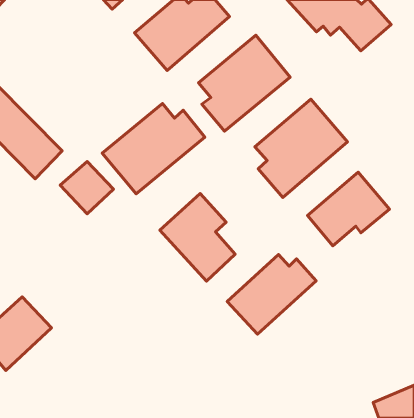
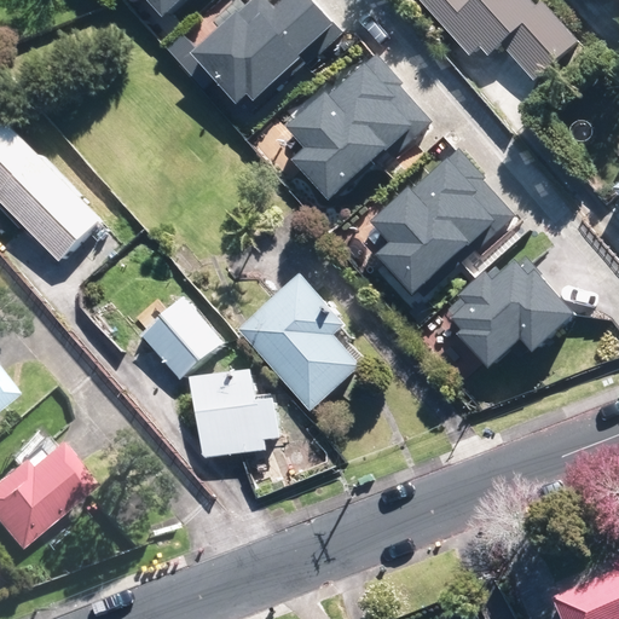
building: [102,103,205,194] -> none
building: [60,161,114,214] -> [134,303,213,381]
building: none -> [191,372,273,459]
building: [227,254,316,334] -> none

